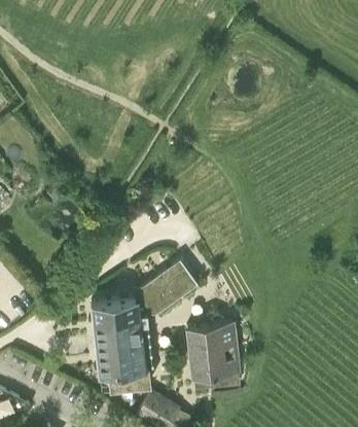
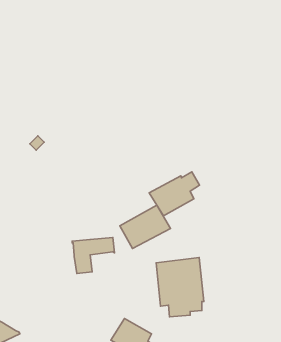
building: none -> [149,172,199,216]
building: [96,314,145,389] -> none

